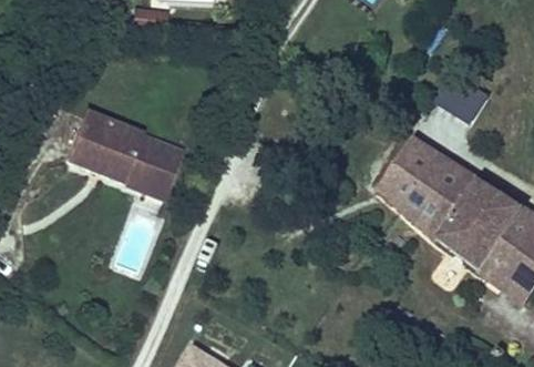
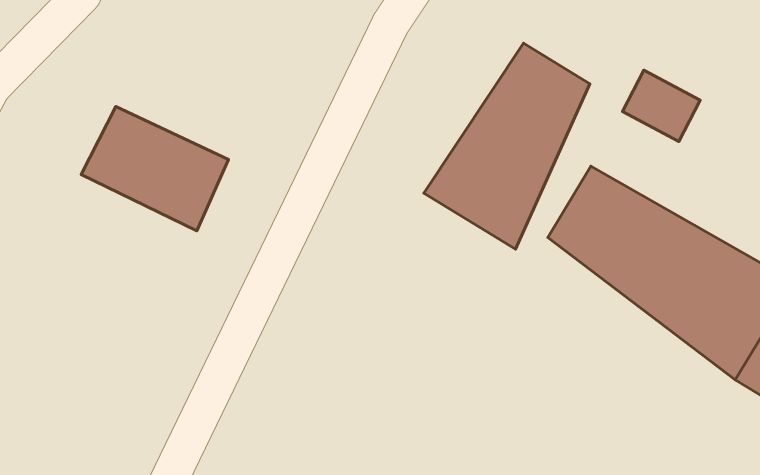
building: none -> [424,43,590,249]
building: [147,136,188,192] -> none

